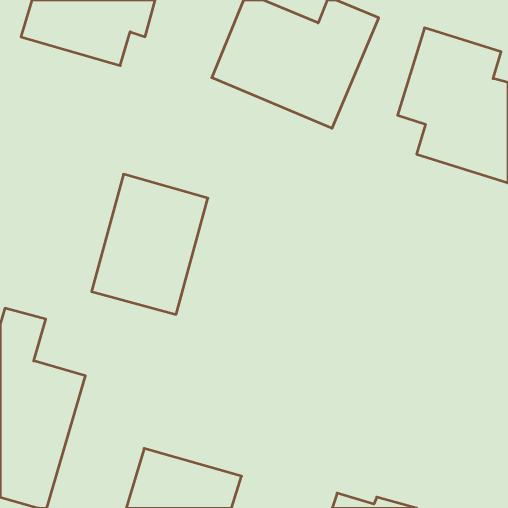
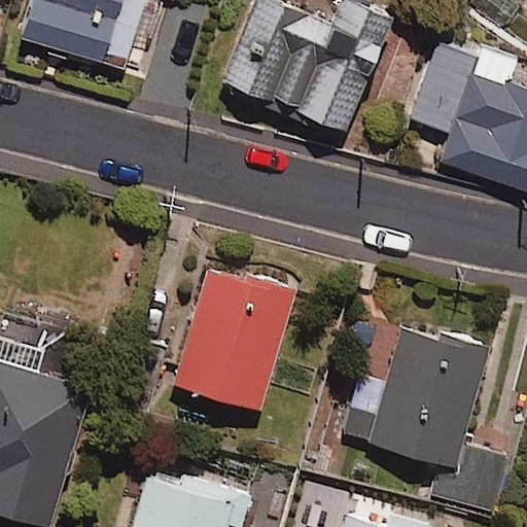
building: [92,174,208,314] -> [174,267,294,412]
building: none -> [371,328,504,508]

